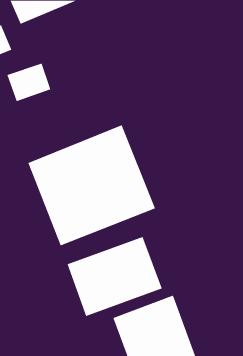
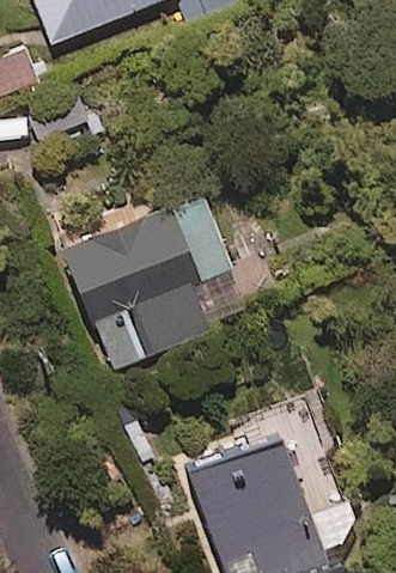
building: [67,236,162,317] -> none

